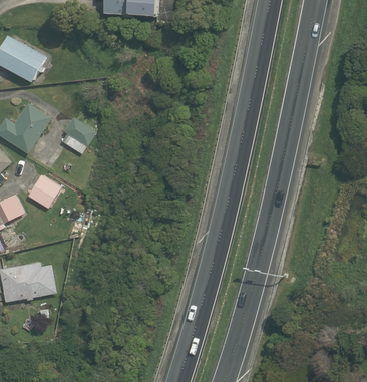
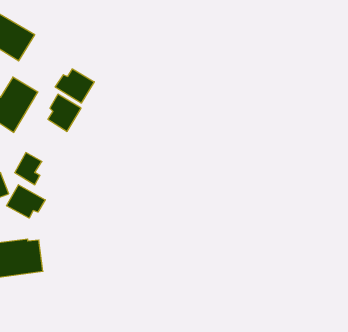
building: none -> [55,69,94,103]
building: none -> [7,185,45,218]

